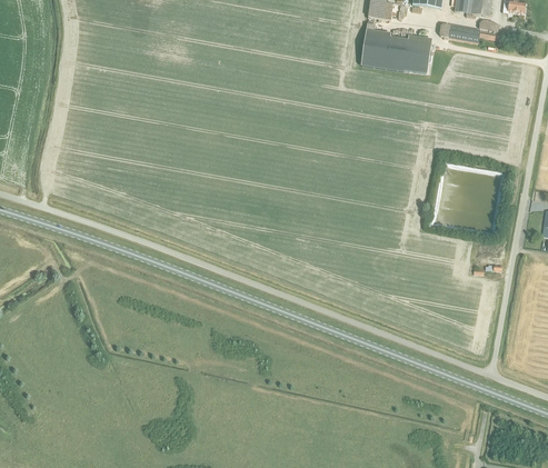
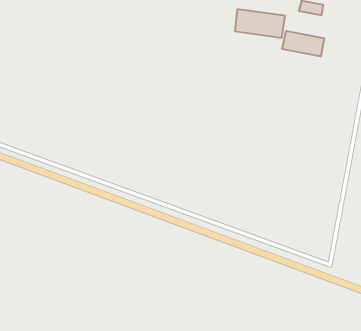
building: none -> [282,31,324,56]

